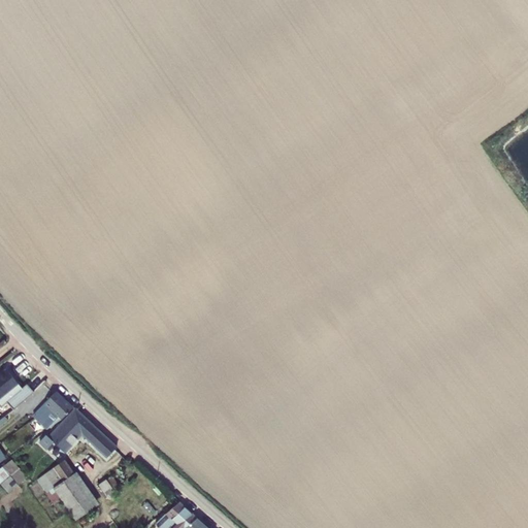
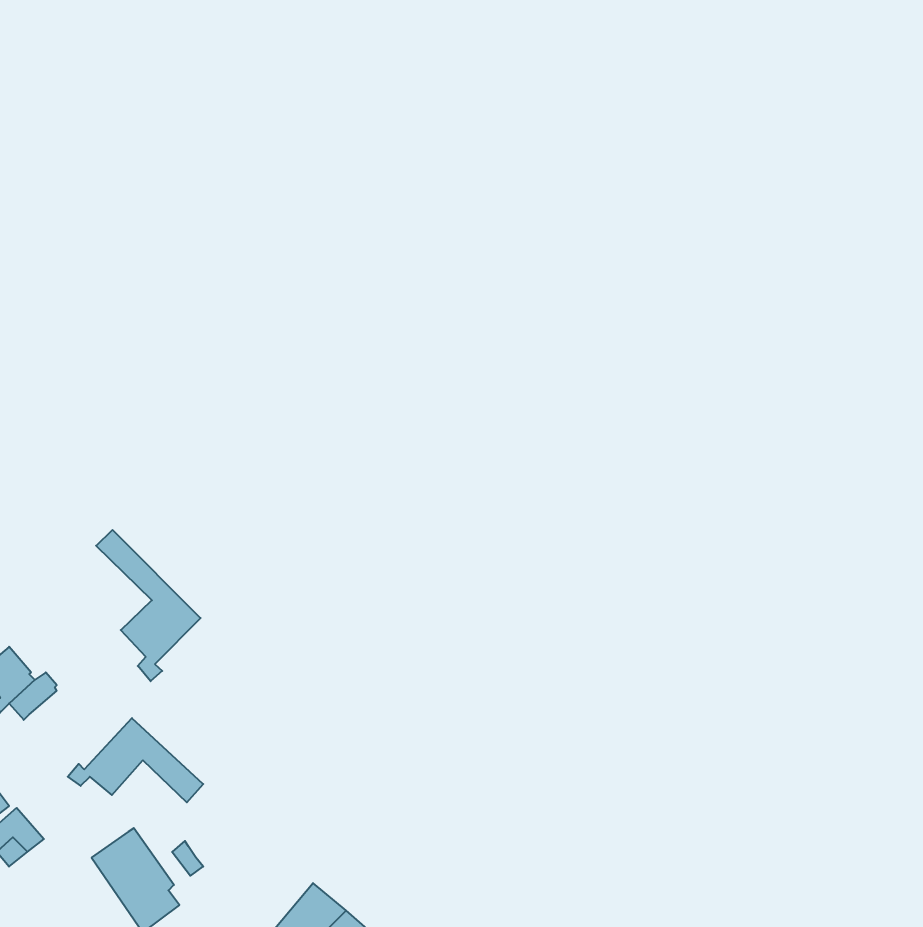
building: none -> [96,530,201,681]
building: [34,391,72,430] -> none
building: [35,460,72,493] -> none

